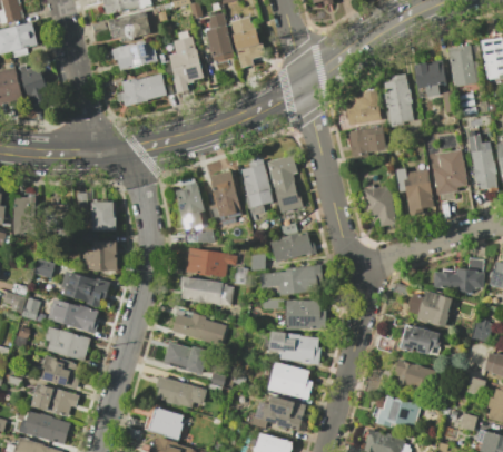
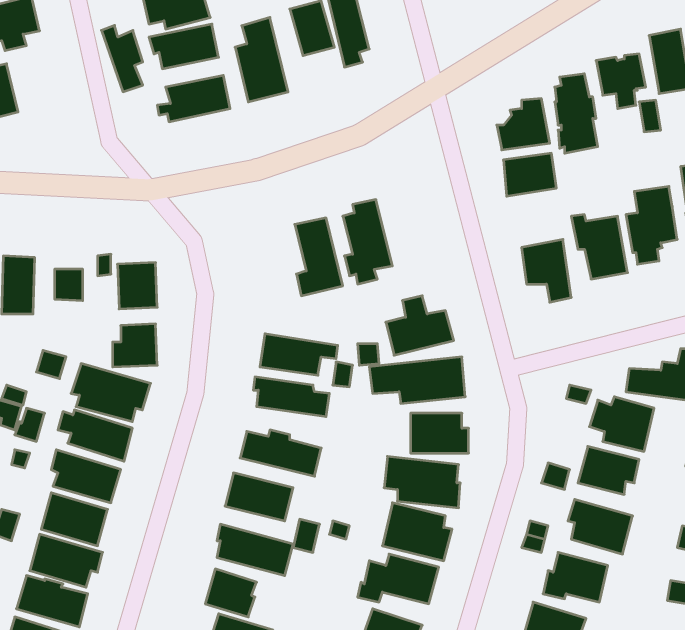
building: [18,63,46,108] -> [101,25,143,92]
building: [269,157,303,212] -> none
building: [176,181,209,230] -> none

